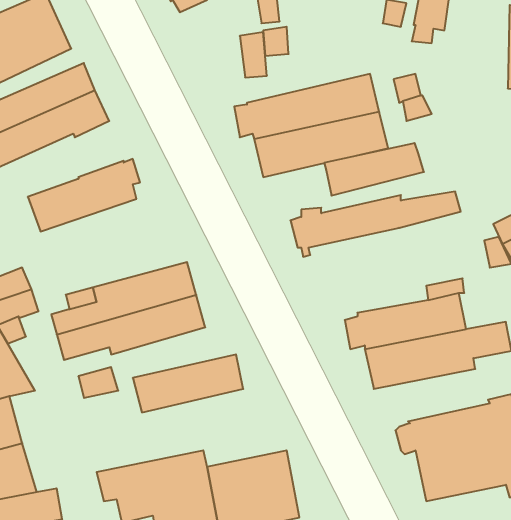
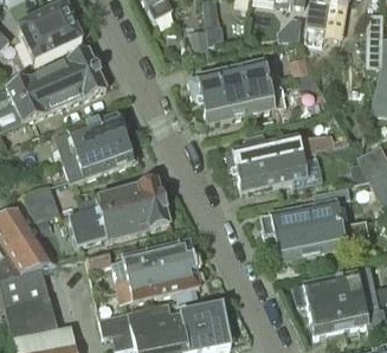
building: [324,143,424,196] -> [237,155,302,190]
building: none -> [62,136,138,181]
building: none -> [115,261,200,301]

